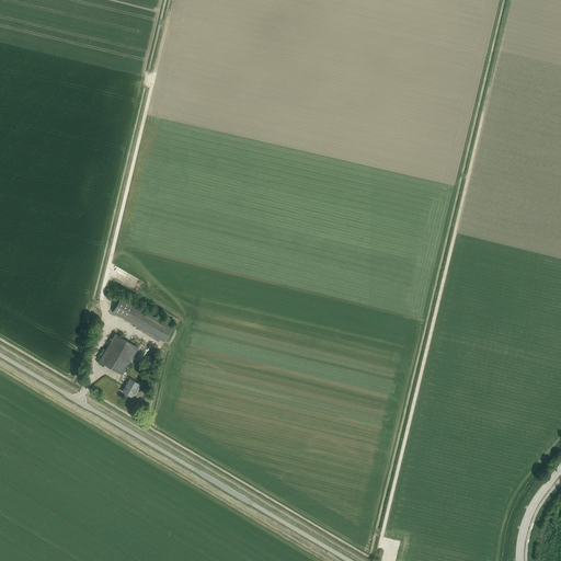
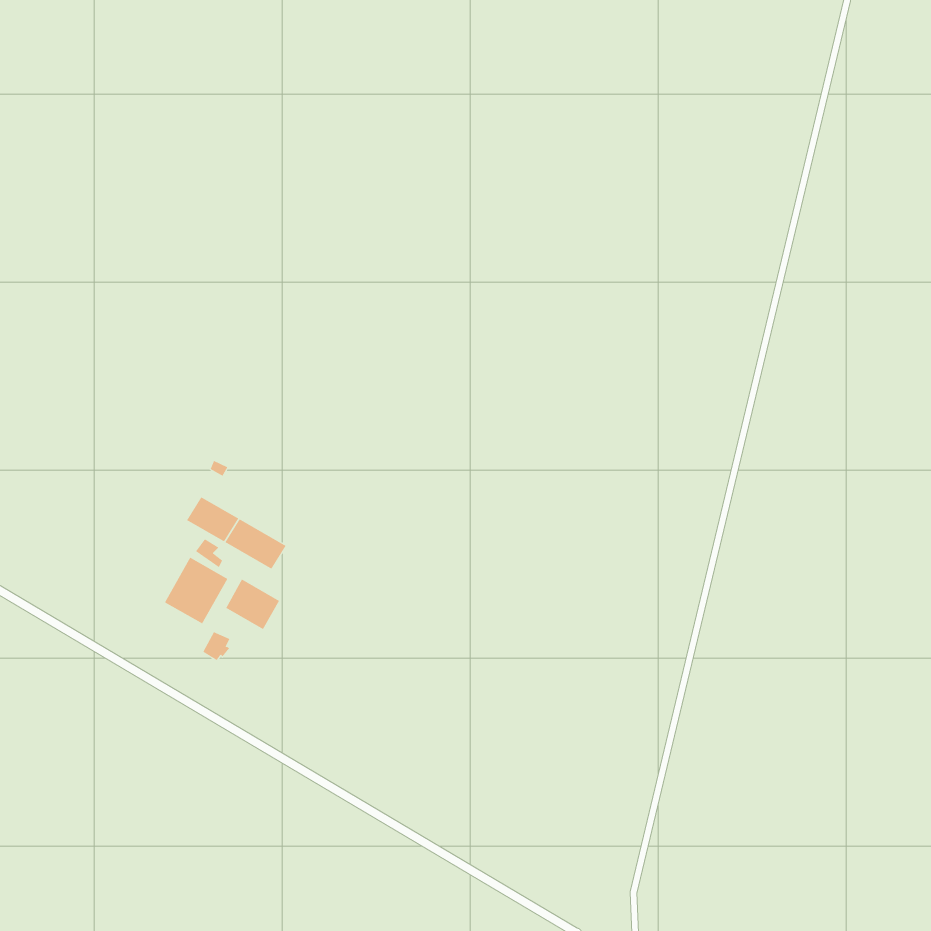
building: none -> [225,579,280,630]

